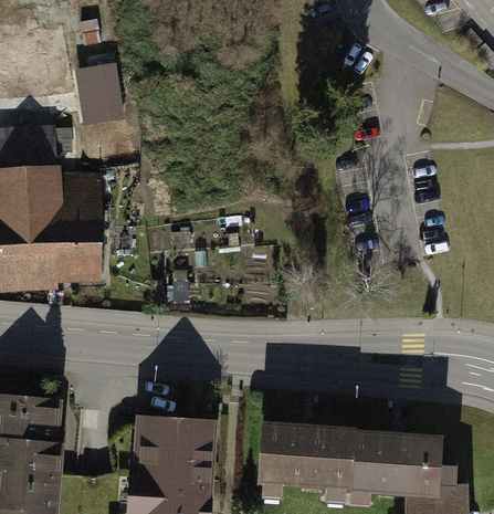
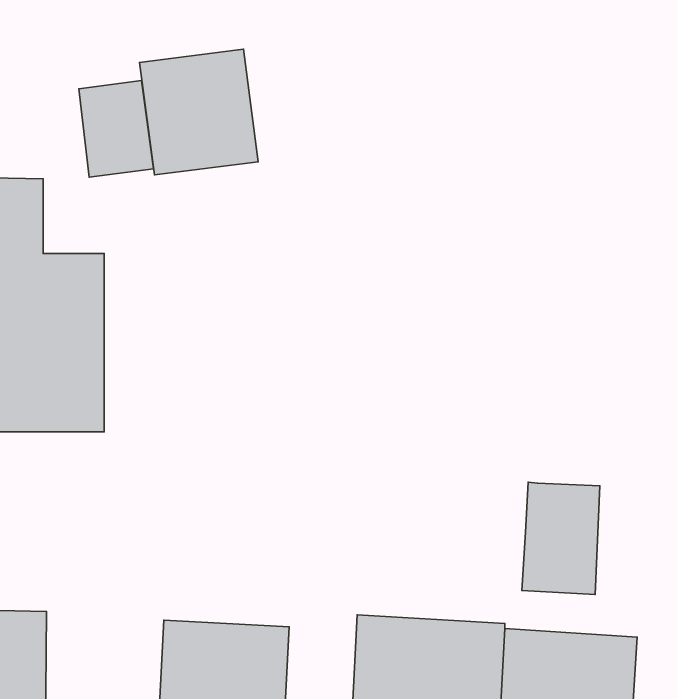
building: none -> [140,49,258,175]
building: none -> [522,482,600,595]

